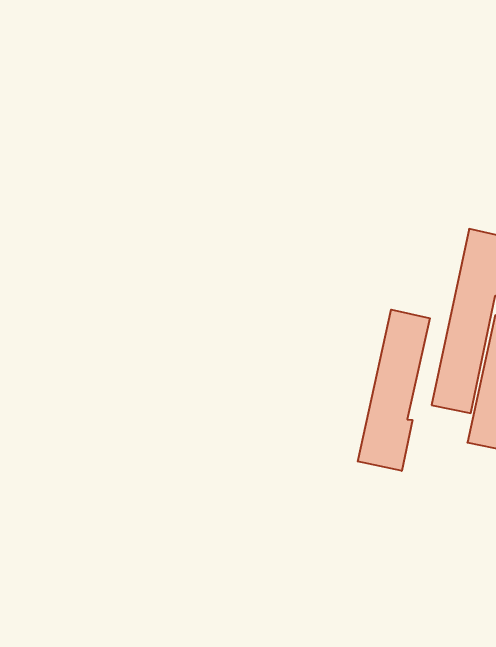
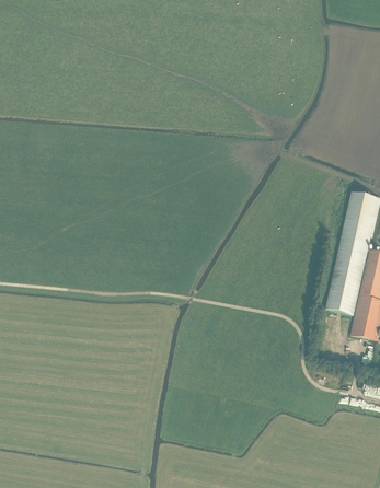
building: [358,310,430,471] -> none

